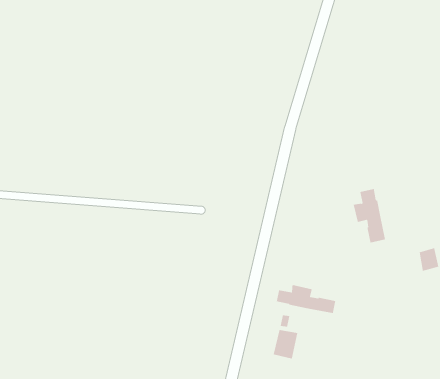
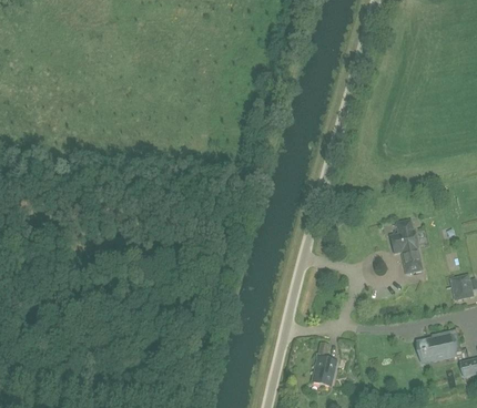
building: [276,284,336,314] -> none
building: none -> [418,329,460,363]

